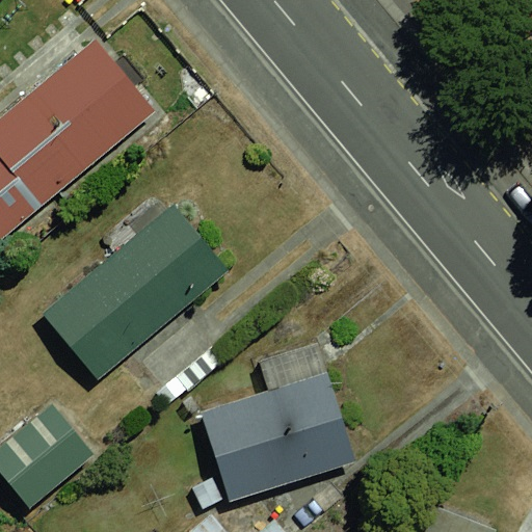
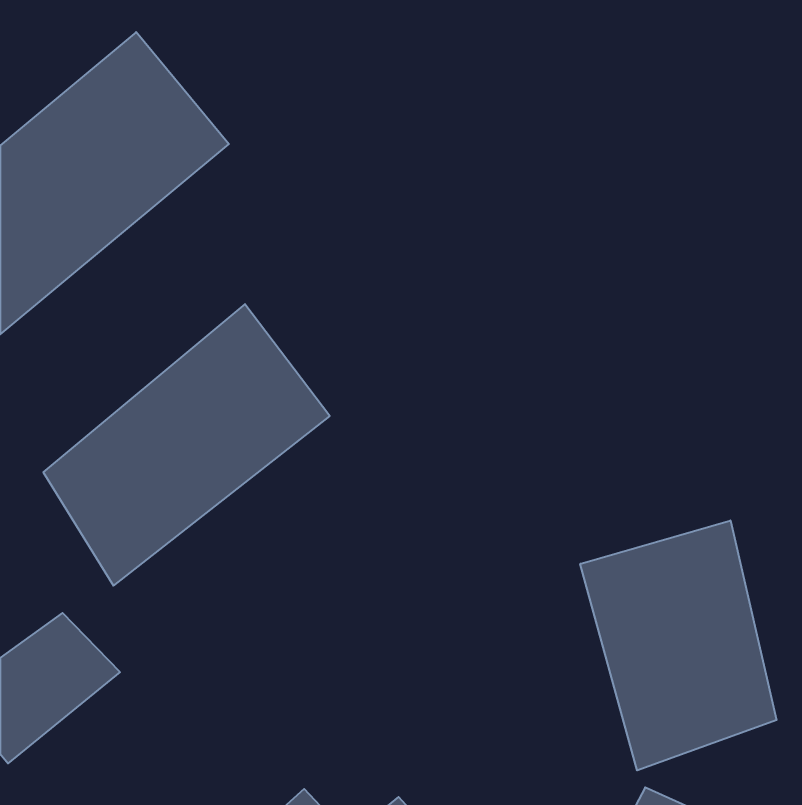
building: none -> [580,520,777,770]
building: [192,376,362,509] -> none

